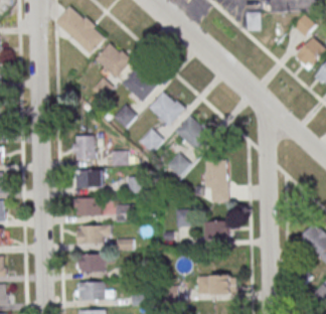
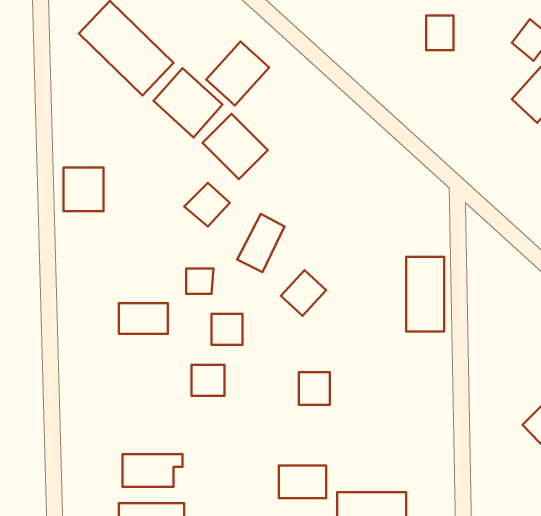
building: none -> [206,42,269,105]
building: [147,90,186,128] -> none
building: [174,114,211,151] -> none
building: [72,137,95,161] -> [63,168,103,211]
building: [205,161,226,202] -> [406,257,444,331]
building: [74,198,100,216] -> none
building: [203,221,229,240] -> [279,466,326,498]
building: [77,226,111,245] -> none

